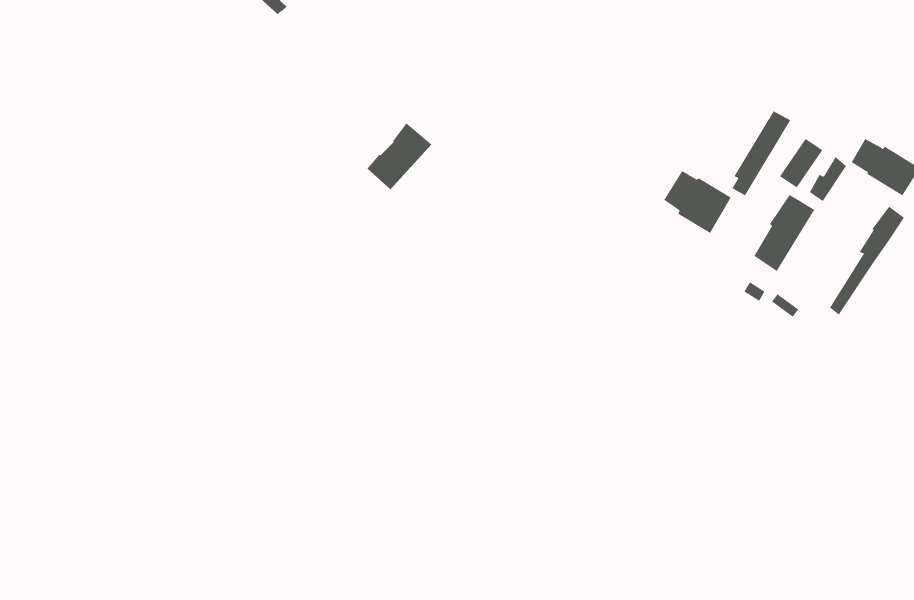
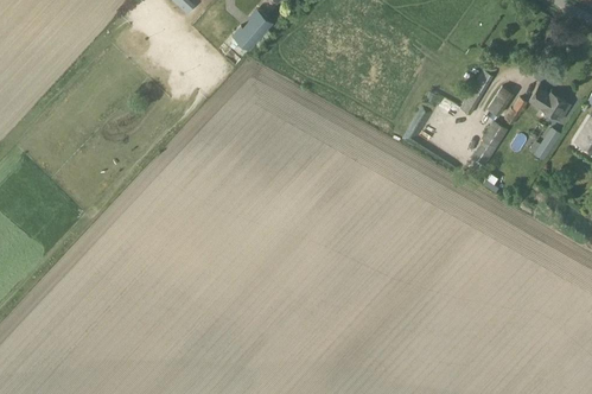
building: [366,123,432,190] -> [234,9,273,50]
building: [663,170,732,234] -> none

